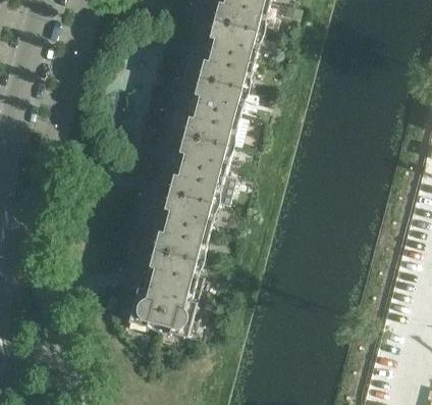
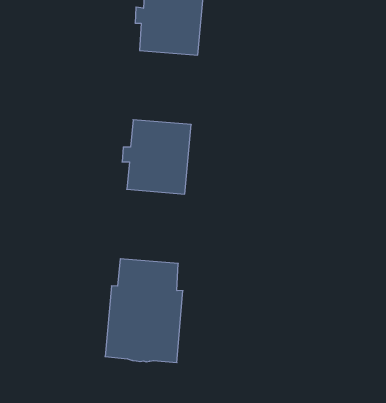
building: [185,65,249,135] -> none
building: [155,180,218,249] -> none

